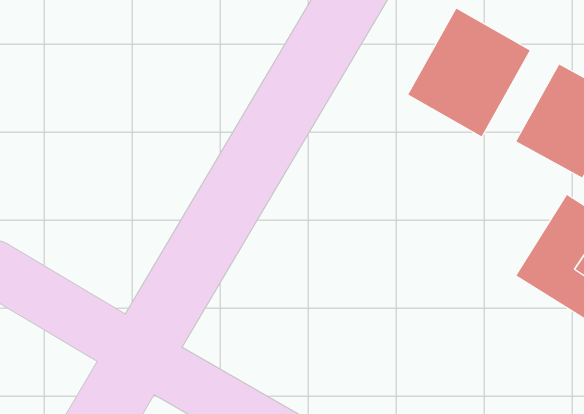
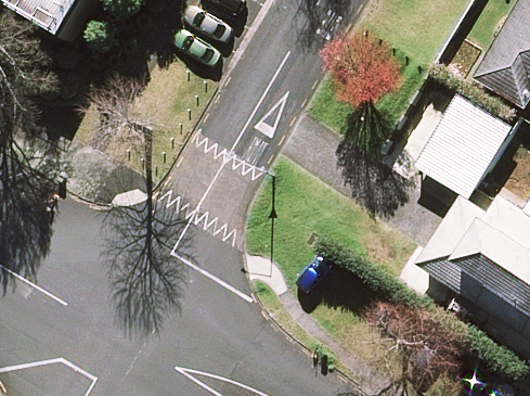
building: [407,8,531,137] -> none

